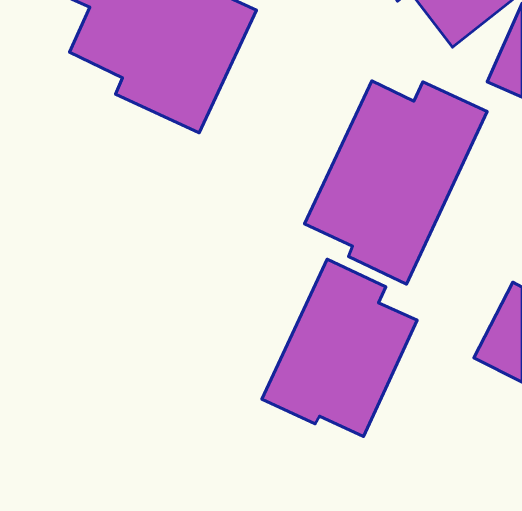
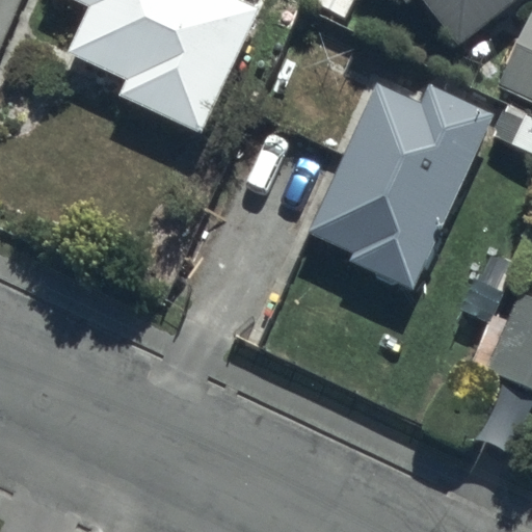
building: [262,259,417,437] -> none

